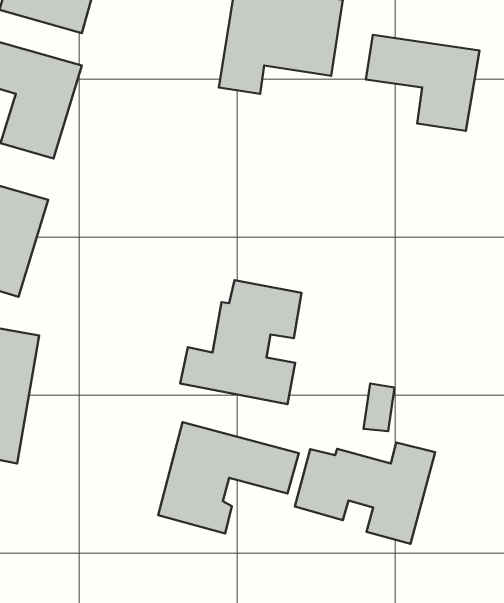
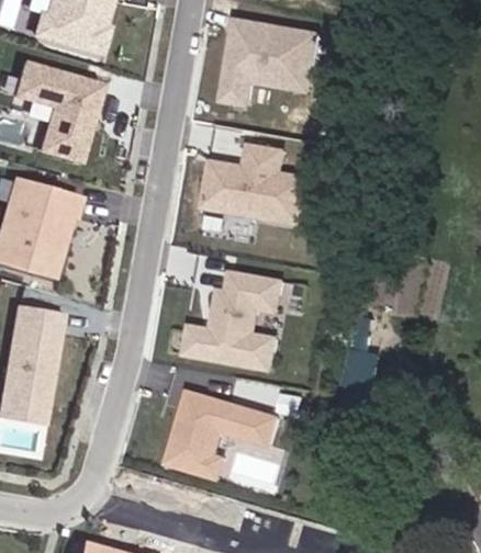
building: [366,35,479,131] -> none
building: none -> [197,142,302,228]
building: [295,442,435,544] -> none

